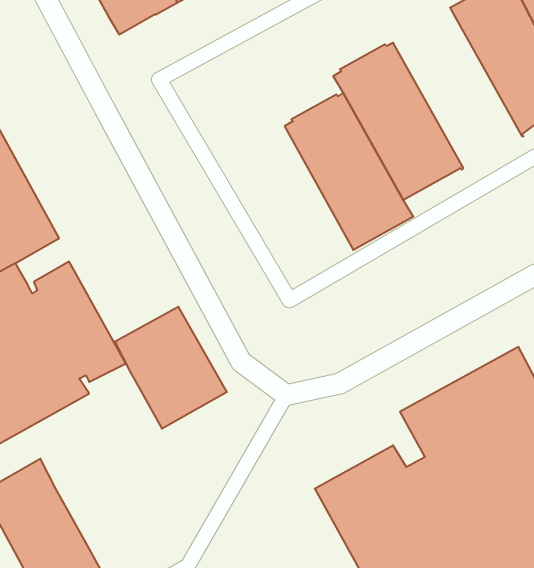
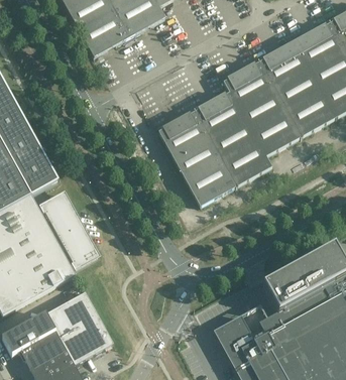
building: none -> [259,39,337,136]
building: none -> [158,111,235,205]
building: [115,307,227,429] -> [46,290,114,364]

